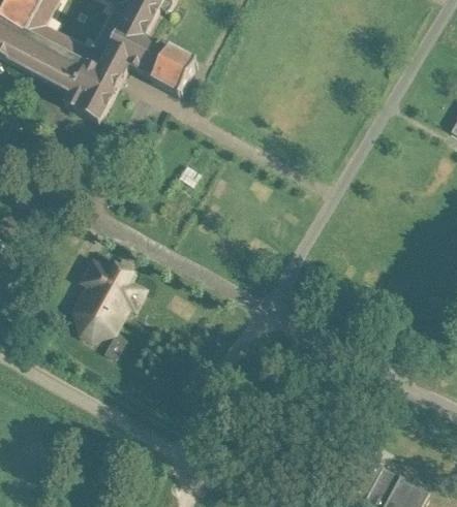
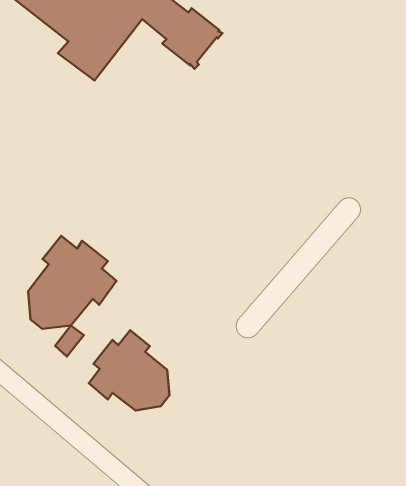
building: none -> [89,330,170,410]

